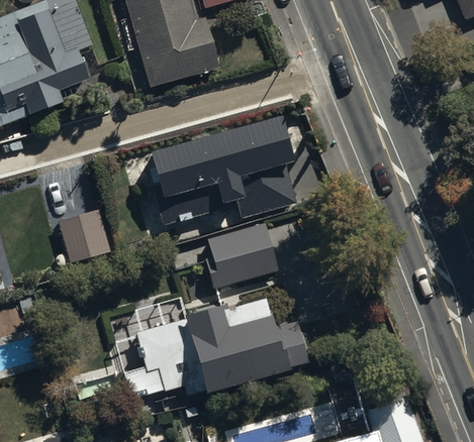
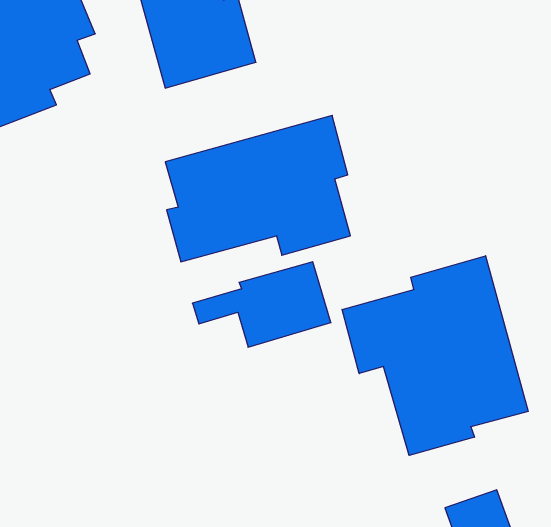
building: [59,210,110,261] -> none
building: none -> [342,256,528,455]
building: [124,293,284,400] -> none

